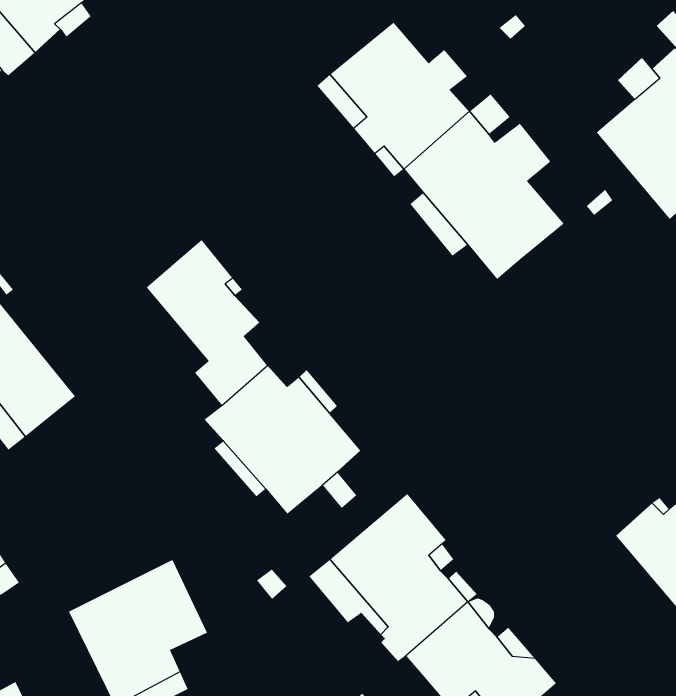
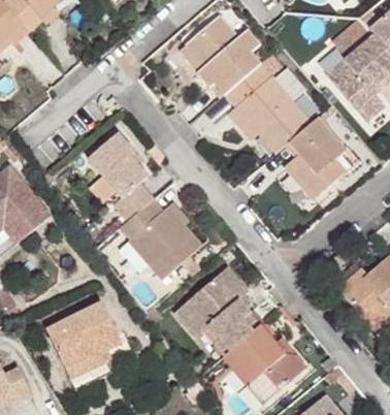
building: none -> [288,118,346,197]

